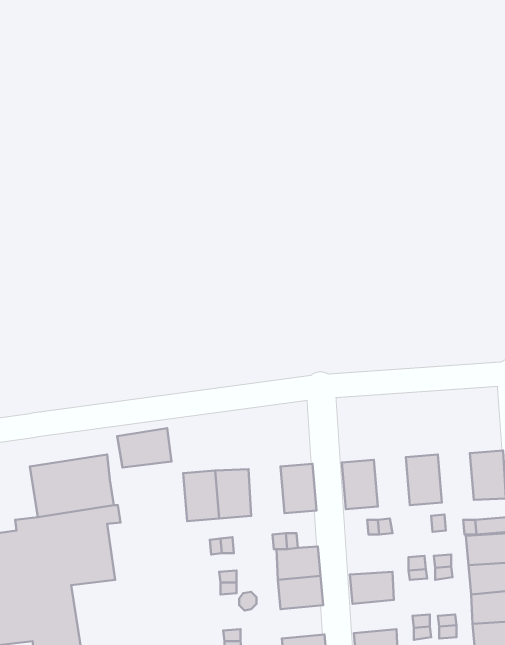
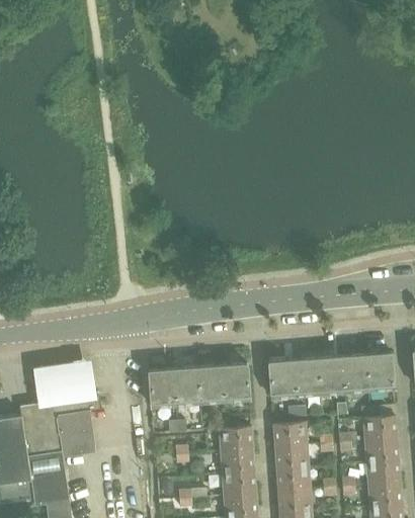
building: [117,428,172,468] -> none
building: none -> [341,356,368,394]
building: none -> [293,359,320,397]
building: none -> [197,366,225,404]
building: none -> [272,423,307,448]
building: none -> [276,467,310,493]
building: none -> [222,471,255,497]

